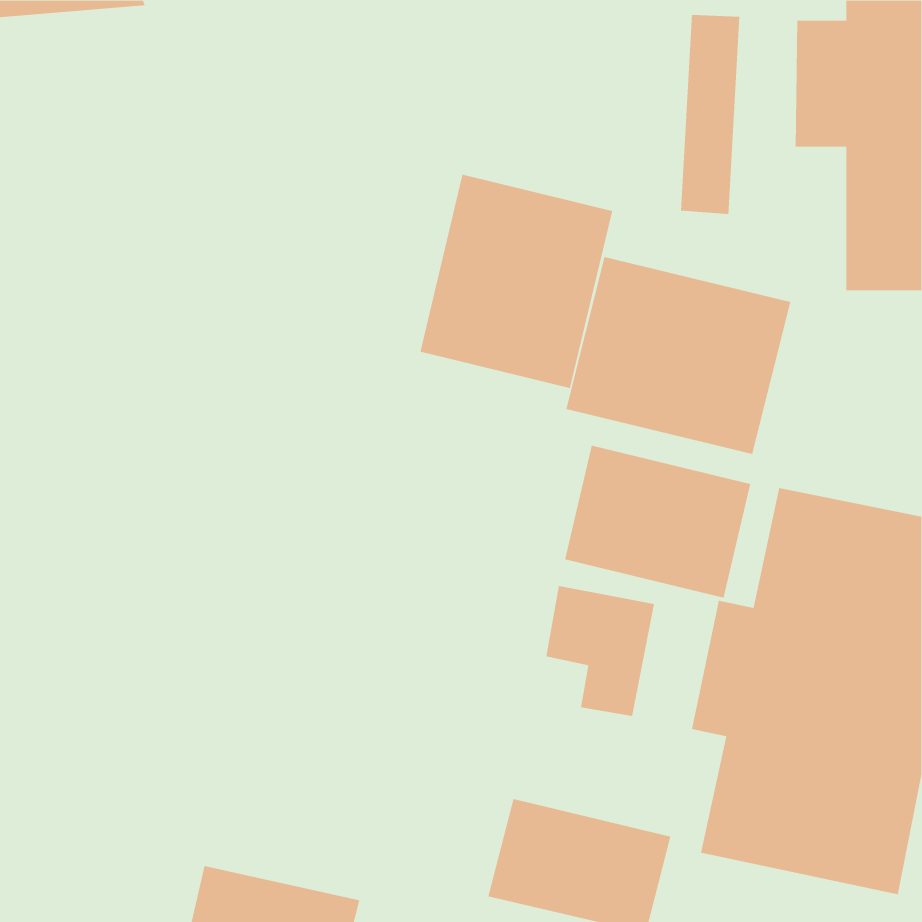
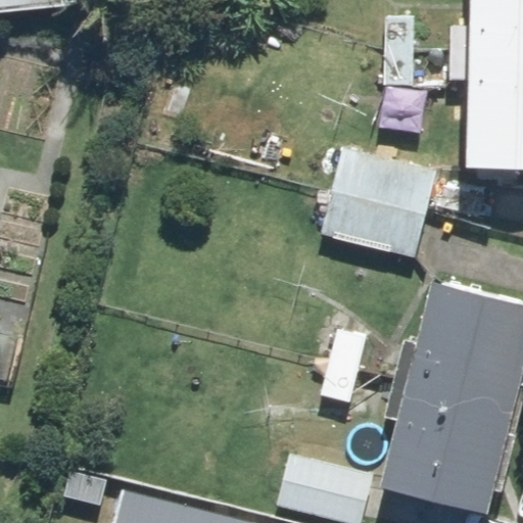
building: [420,174,613,389] -> none
building: [565,445,751,598] -> none

